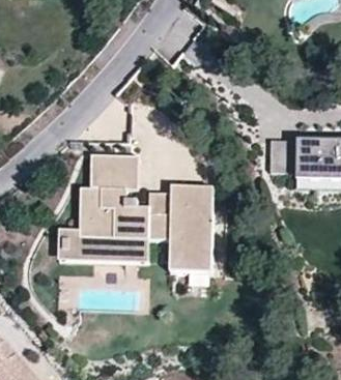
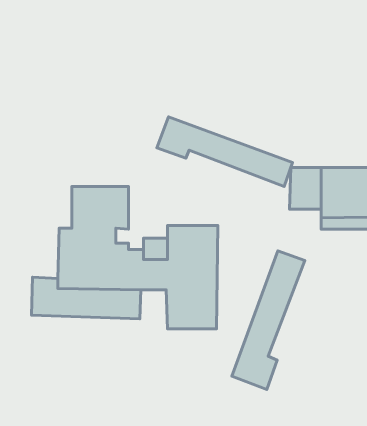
building: none -> [157,117,293,187]
building: none -> [232,251,305,389]

